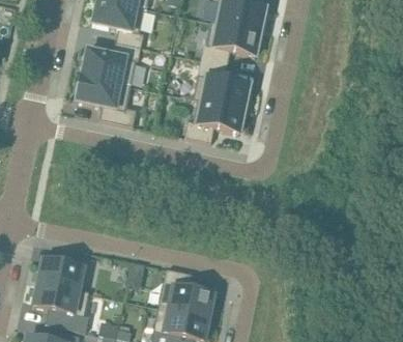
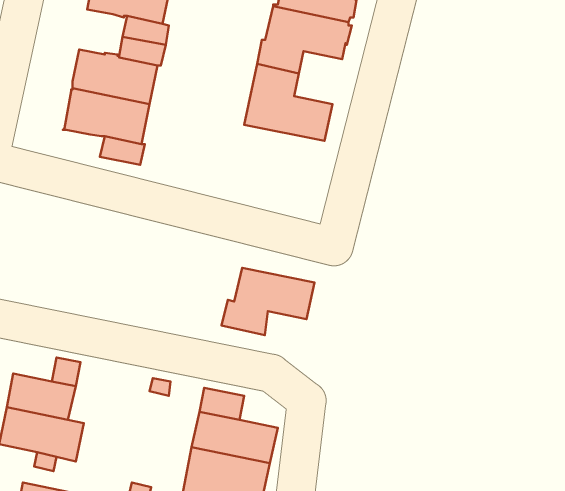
building: [184,97,244,141] -> [221,268,315,335]

